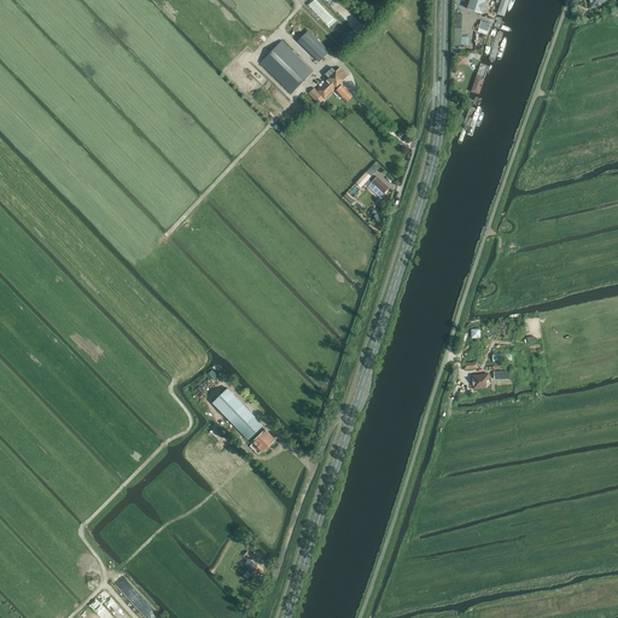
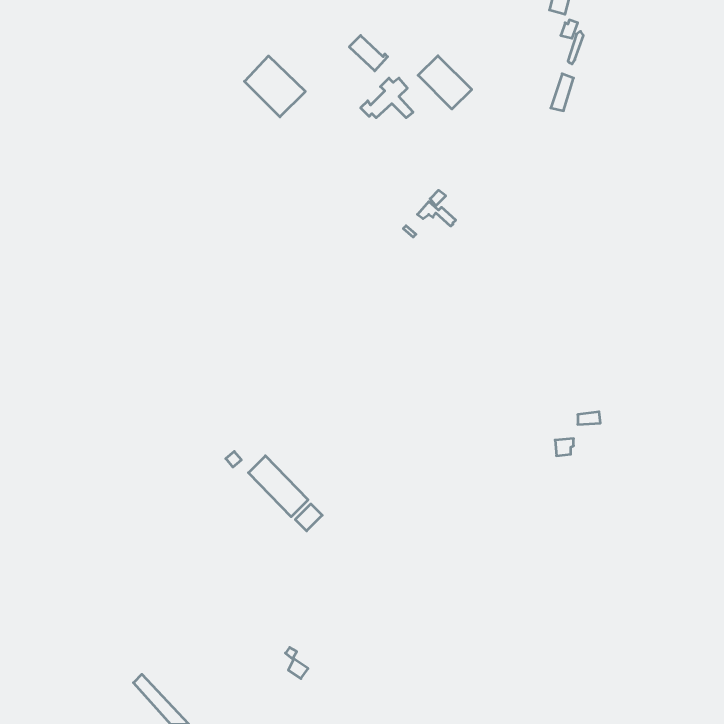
building: [260,40,311,92] -> [244,56,305,117]
building: none -> [418,56,472,109]

